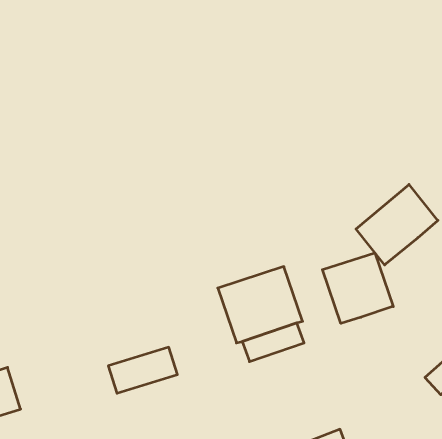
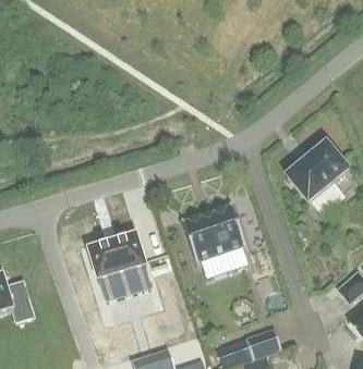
building: [322,253,393,323] -> none
building: none -> [88,233,147,280]

